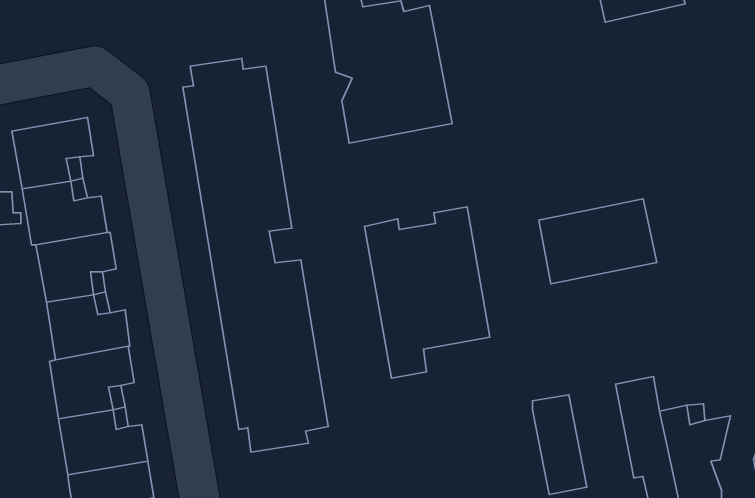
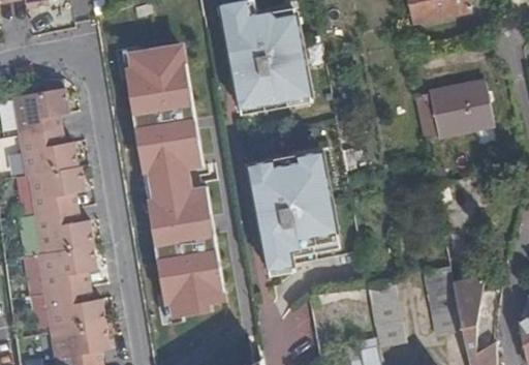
building: [539,199,657,284] -> [414,83,495,141]

